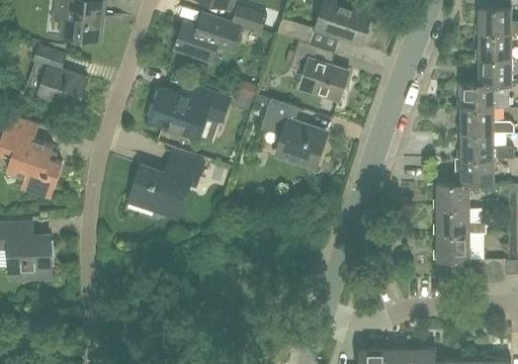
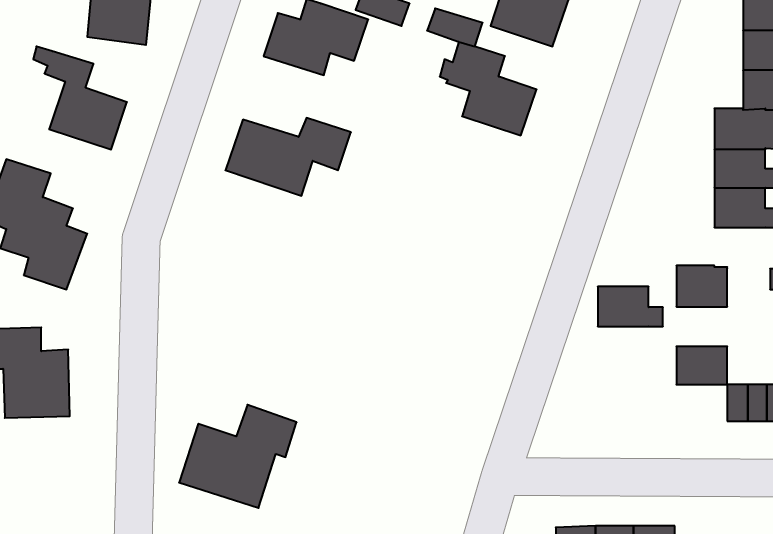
building: [253,95,326,166] -> none
building: [128,153,203,218] -> [179,405,297,508]
building: [461,159,494,185] -> none
building: [437,209,479,235] -> [598,287,663,326]

